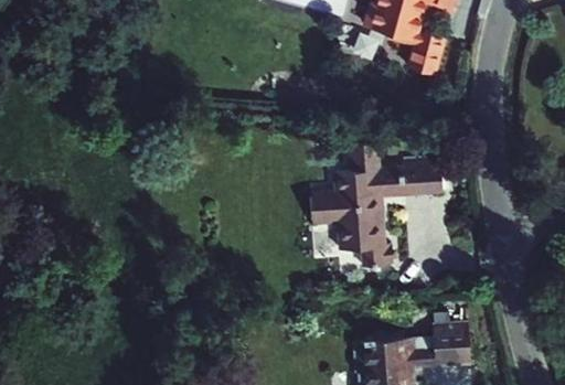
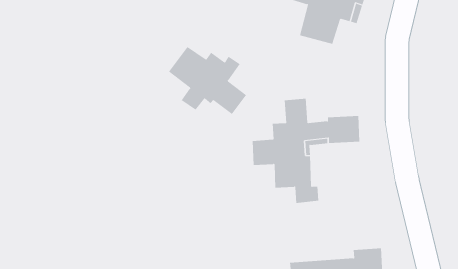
building: none -> [168,46,247,115]

